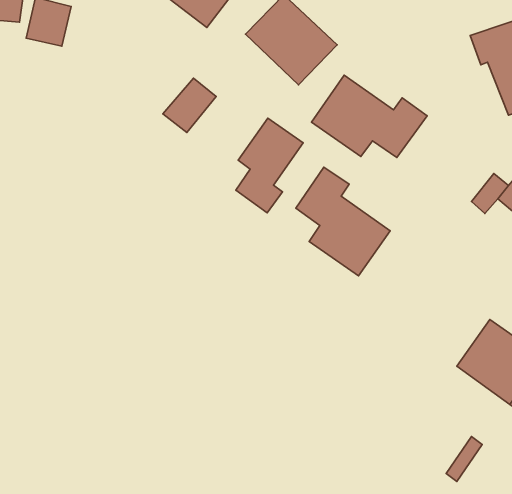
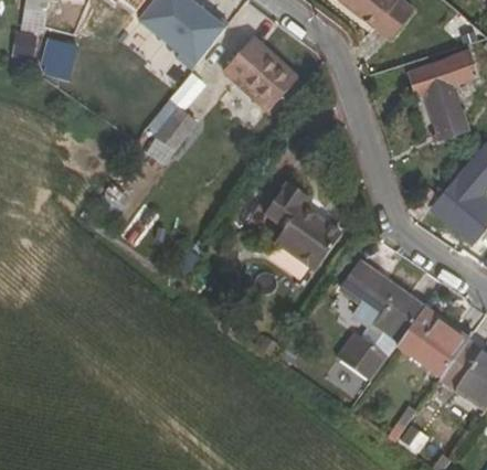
building: [311,75,427,157] -> none
building: [236,118,303,213] -> none
building: none -> [338,261,425,381]

